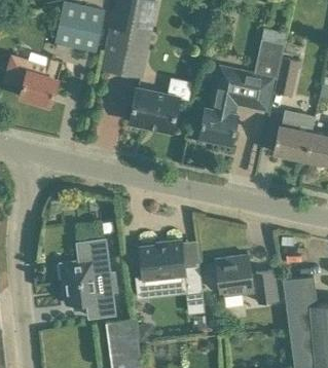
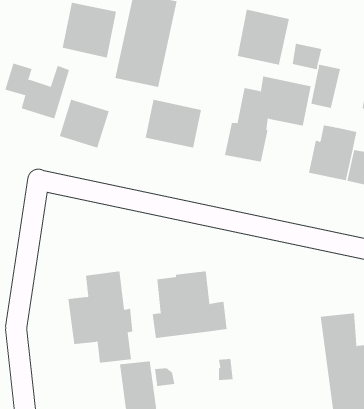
building: none -> [237,9,290,66]
building: none -> [59,99,109,148]
building: [214,256,277,306] -> none

